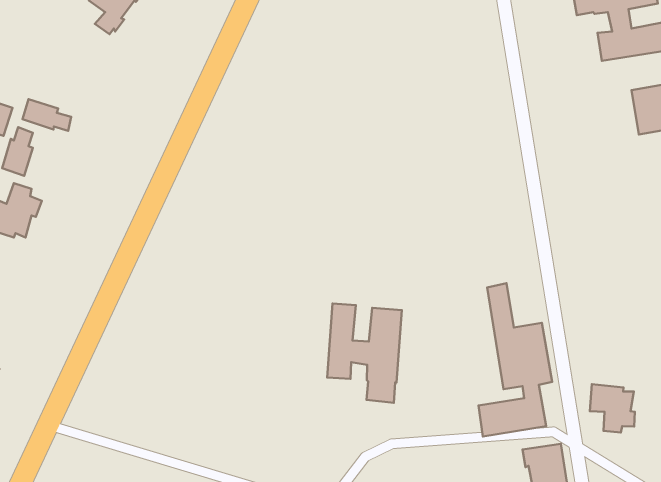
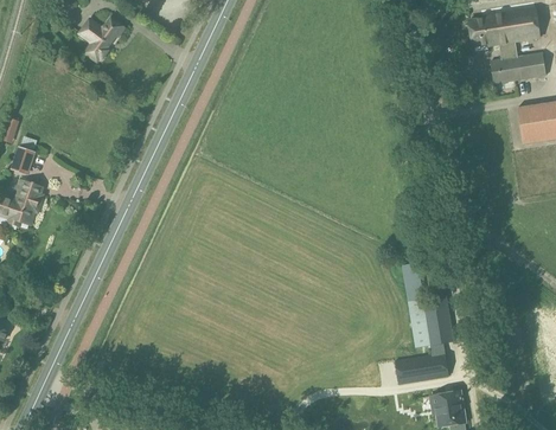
building: [23,99,71,131] -> none
building: [327,303,402,403] -> none
building: [590,384,635,432] -> none

